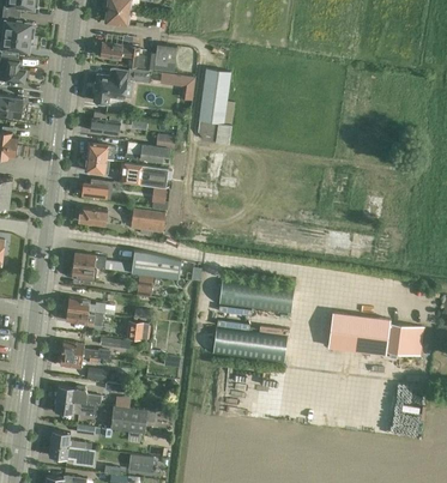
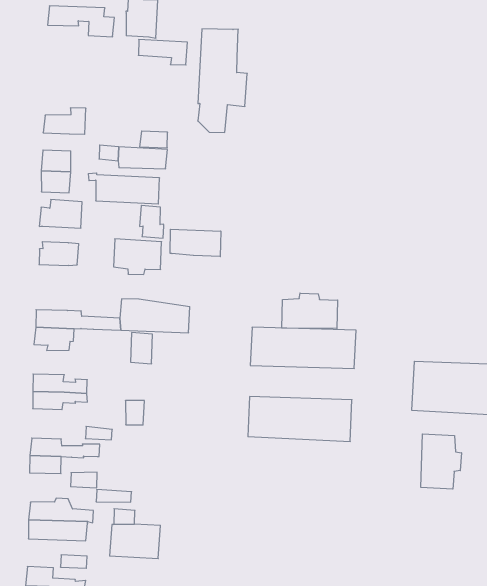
building: [92,68,150,104] -> none
building: none -> [170,229,221,257]
building: none -> [282,293,338,329]
building: none -> [421,434,461,489]

